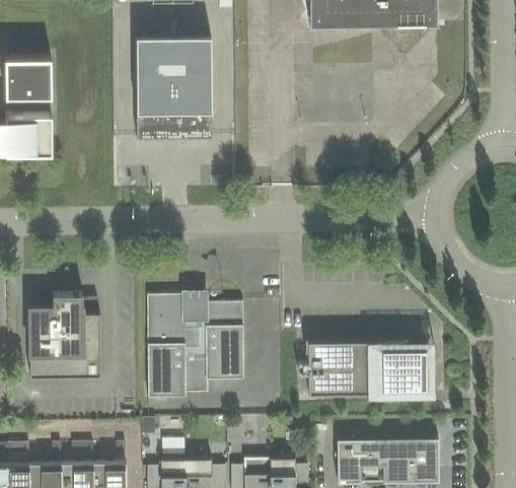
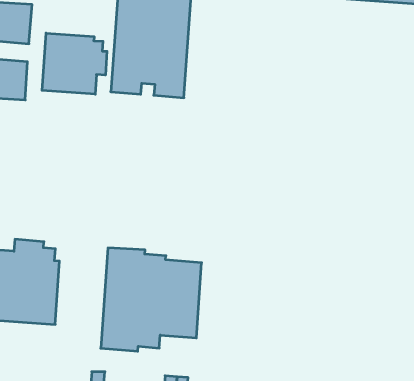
building: none -> [42,33,107,94]
building: [307,341,434,395] -> none

